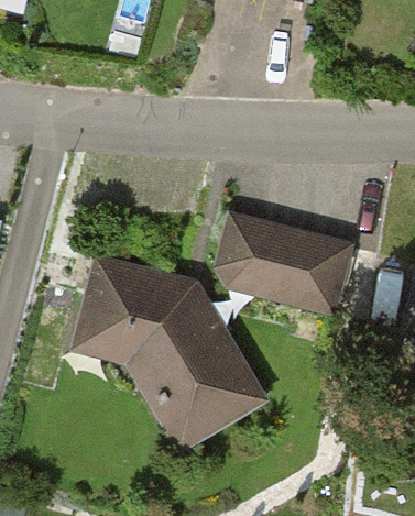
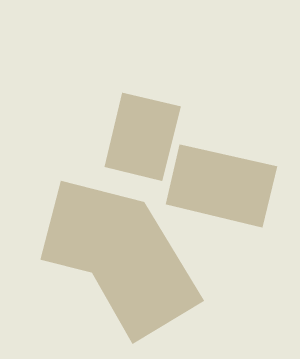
building: none -> [104,92,182,182]

